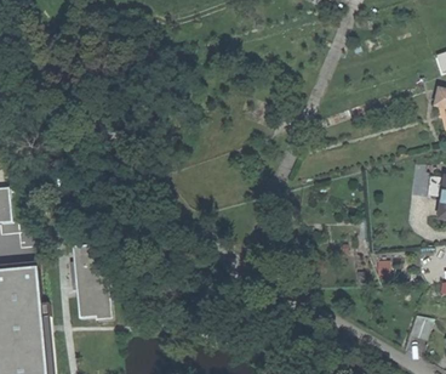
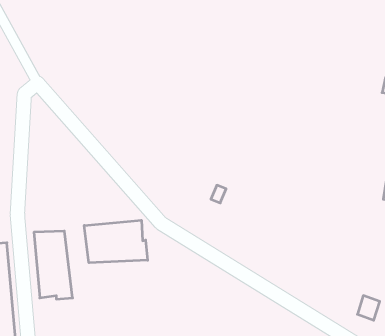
building: none -> [84,220,148,263]

